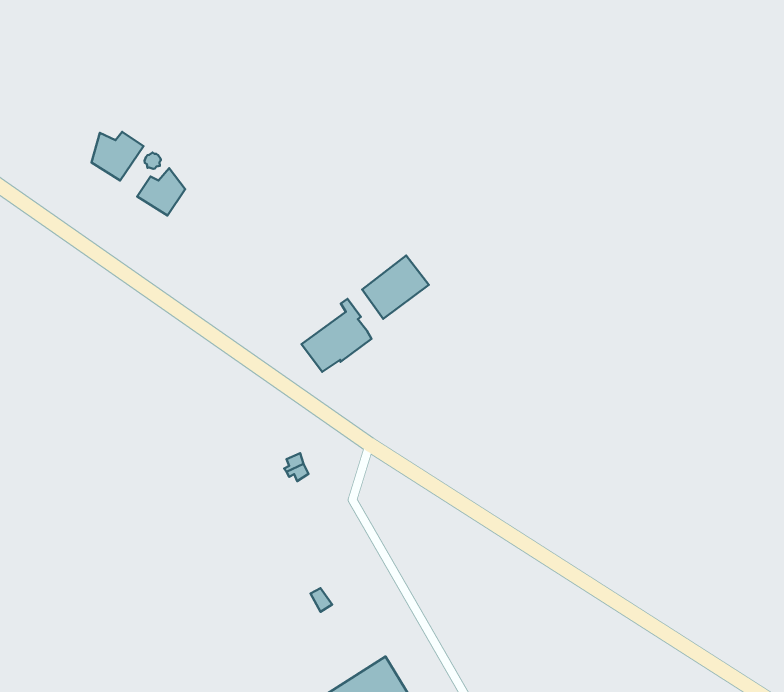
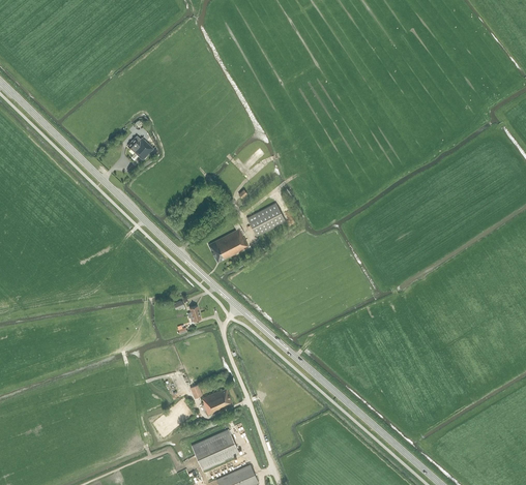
building: [92,132,144,181] -> none
building: none -> [201,388,232,415]

